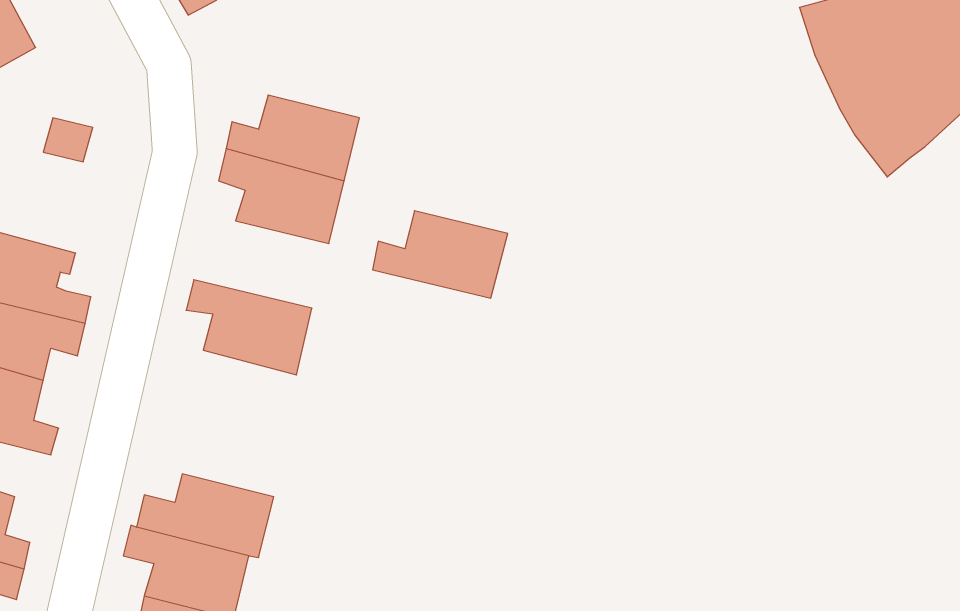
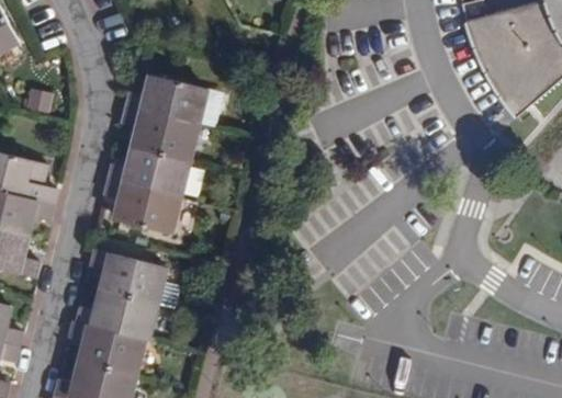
building: [373,211,508,298] -> [113,146,191,196]
building: none -> [94,247,169,305]

